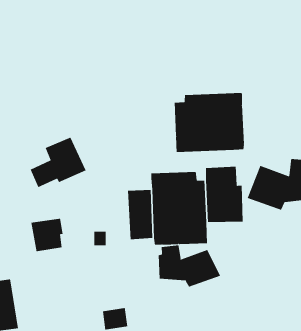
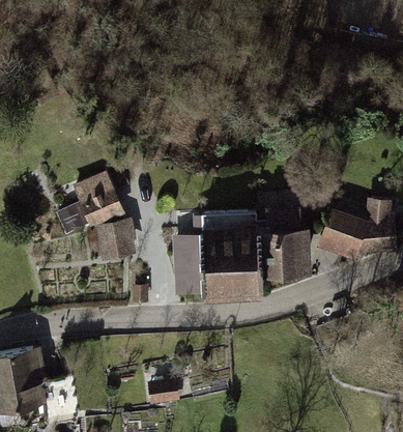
building: [174,92,244,153] -> none
building: [30,218,63,252] -> [95,222,135,262]
building: [158,244,221,288] -> none

